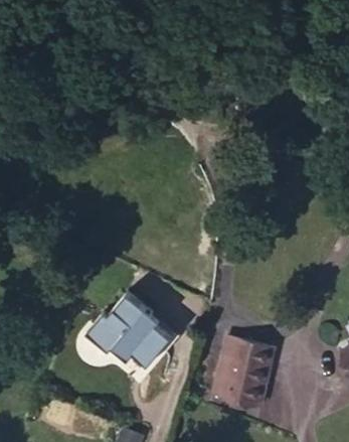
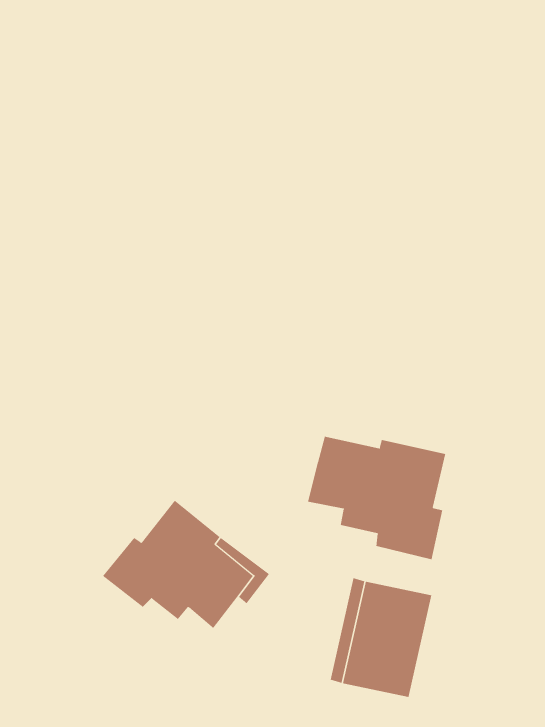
building: none -> [308,436,446,560]

